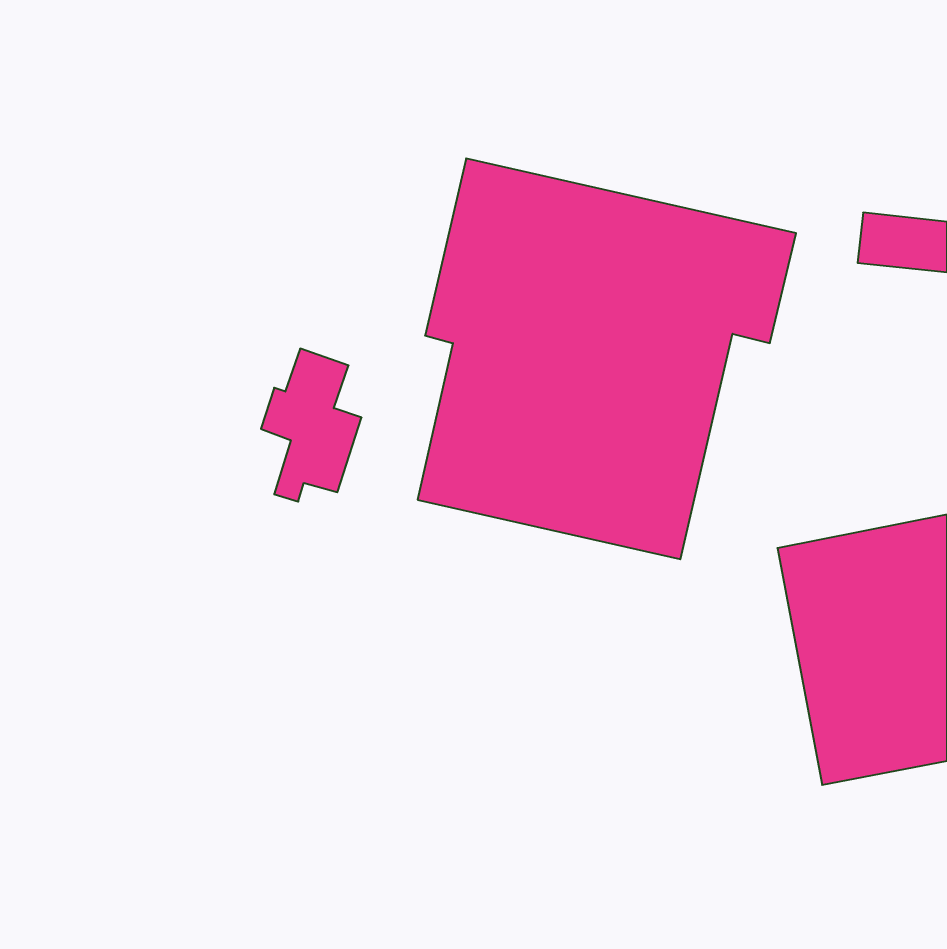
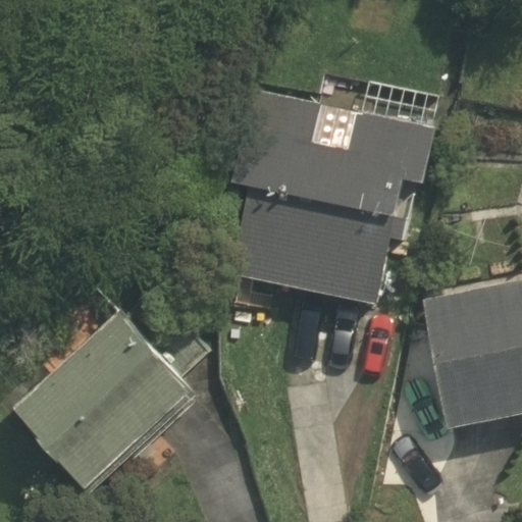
building: none -> [17,313,196,490]

